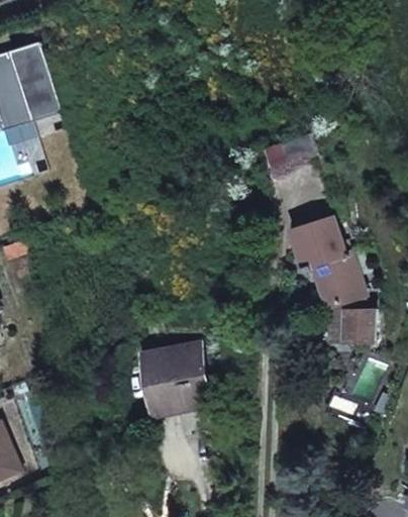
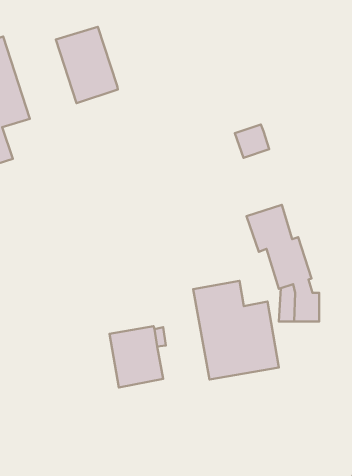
building: none -> [56,27,118,103]
building: none -> [193,281,279,379]

